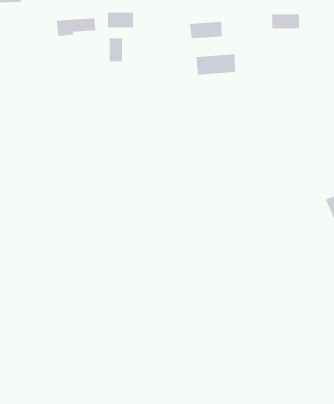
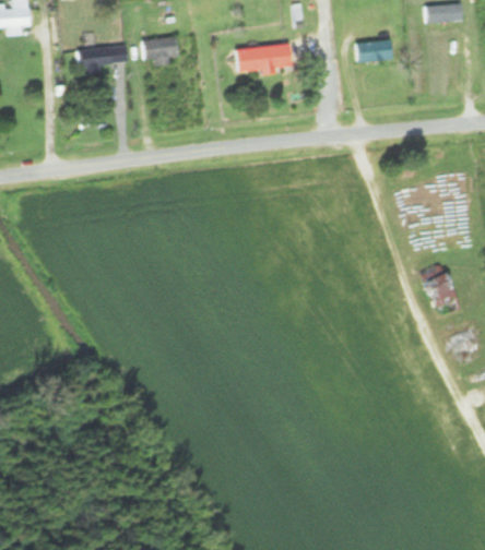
building: [109,37,123,62] -> none
building: [196,54,236,75] -> none

